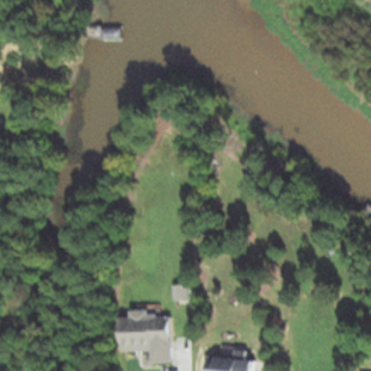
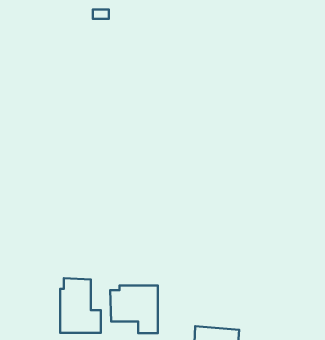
building: none -> [60,278,101,333]

